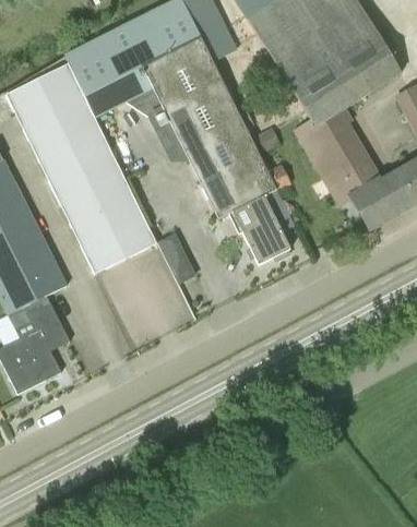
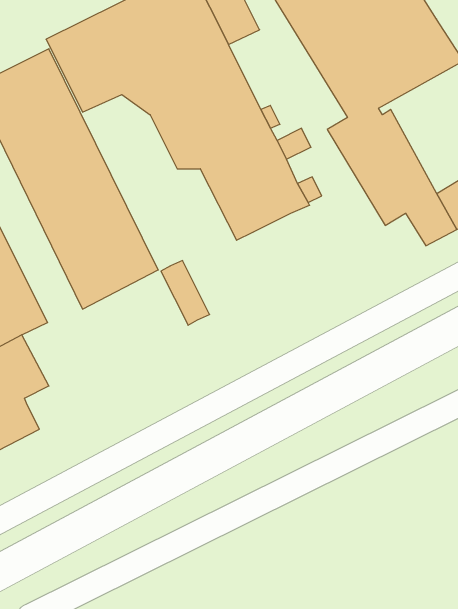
building: [233,190,296,264] -> none

